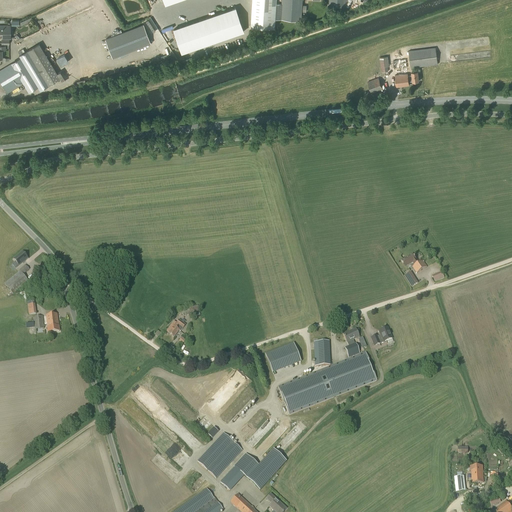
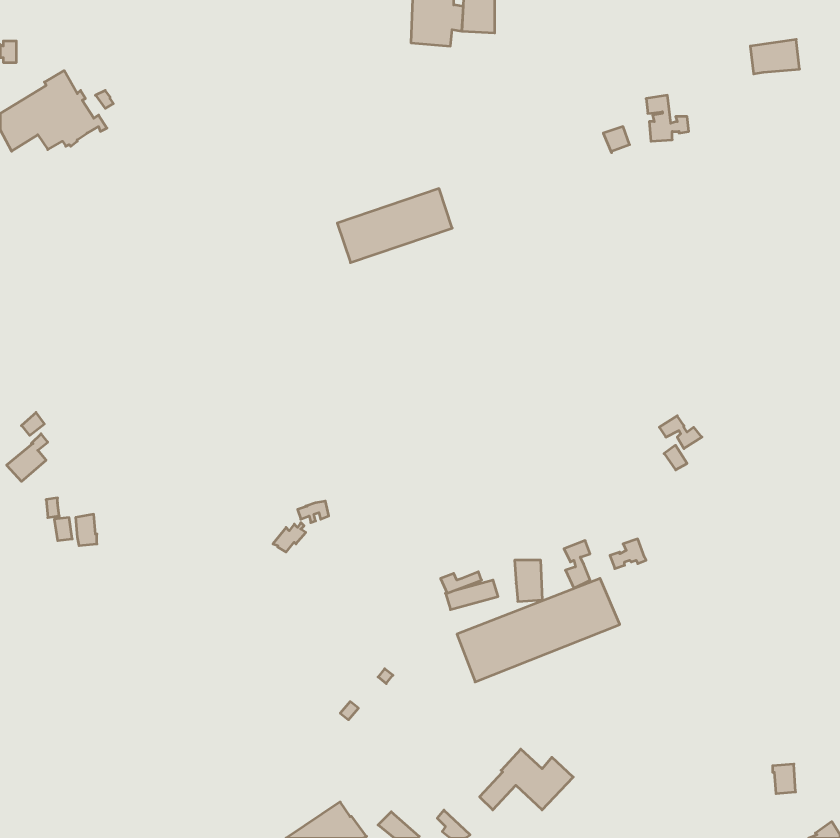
building: [173,7,243,52] -> [337,189,452,263]
building: [105,24,150,57] -> none
building: [408,46,438,67] -> [750,39,800,74]
building: [197,433,242,479] -> none
building: [221,453,278,490] -> [480,749,573,810]

